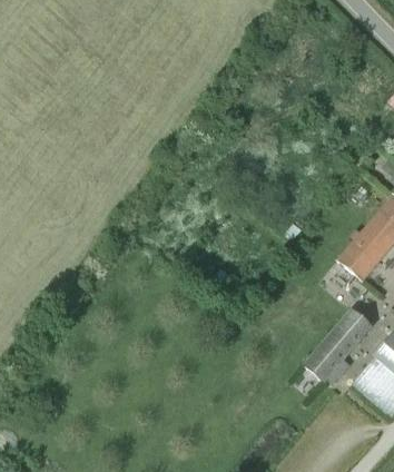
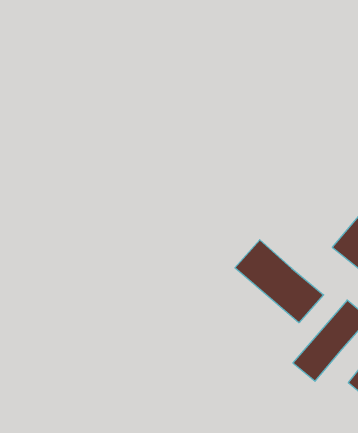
building: none -> [235,240,324,323]

